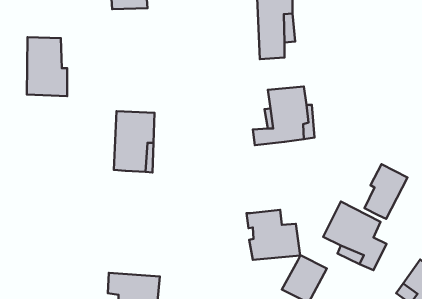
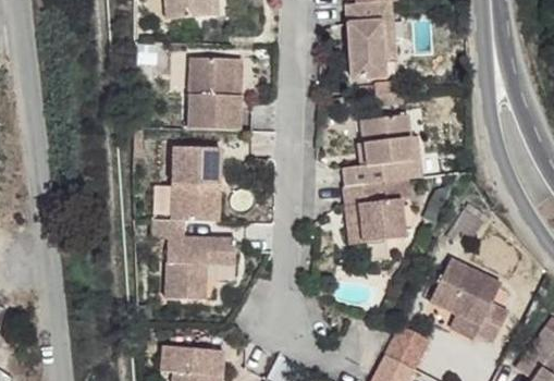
building: [27,37,67,96] -> [186,56,236,128]
building: [365,164,407,219] -> none
building: none -> [152,218,235,300]
building: [247,210,300,260] -> [340,183,406,245]

